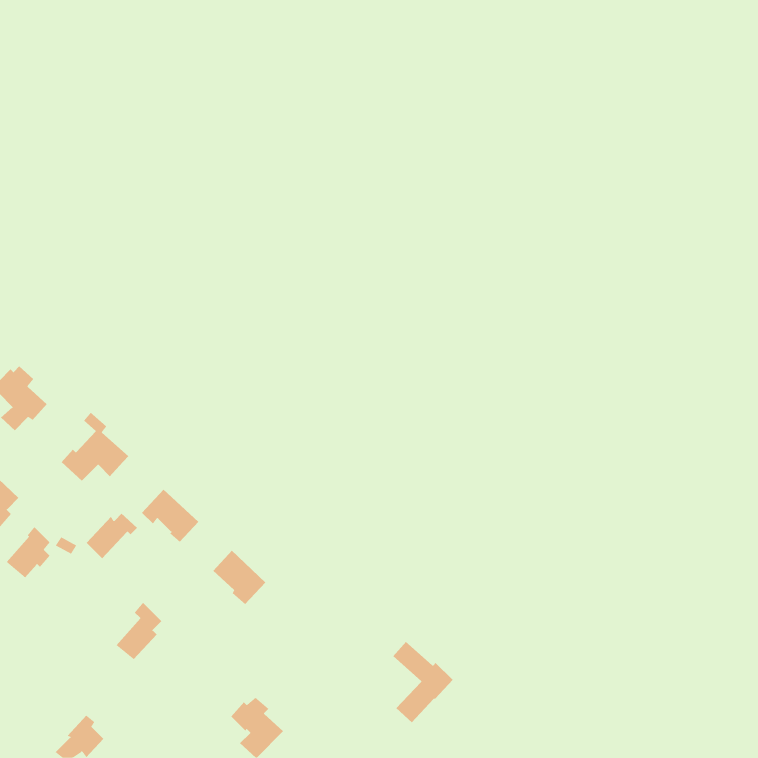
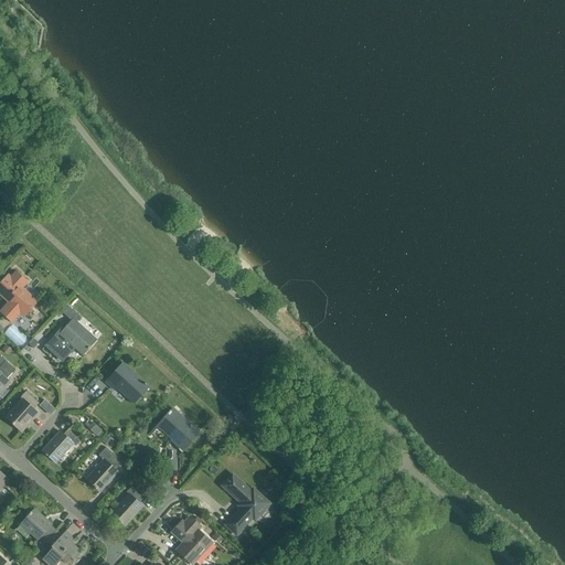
building: [86,513,138,559] -> [42,428,81,462]
building: [393,641,454,723] -> [221,475,266,535]
building: none -> [111,487,142,524]
building: none -> [15,509,55,547]

